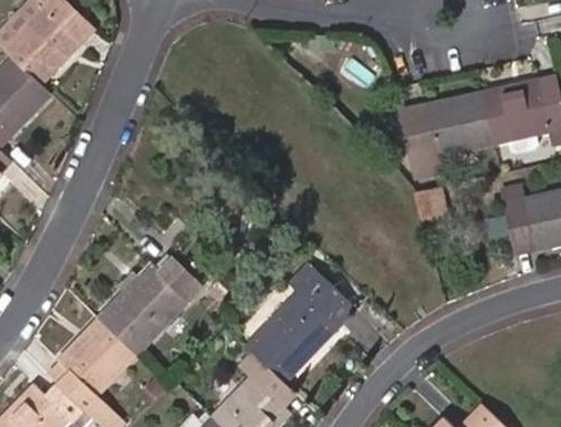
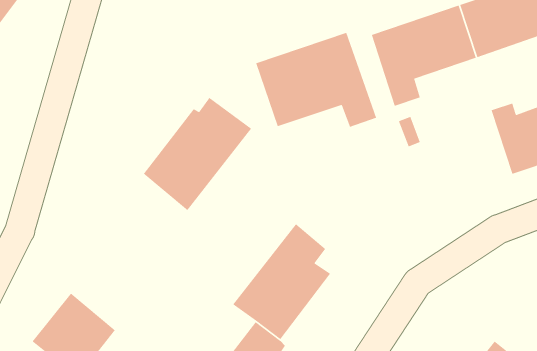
building: none -> [255,32,377,128]
building: [97,253,202,356] -> [143,97,252,211]

